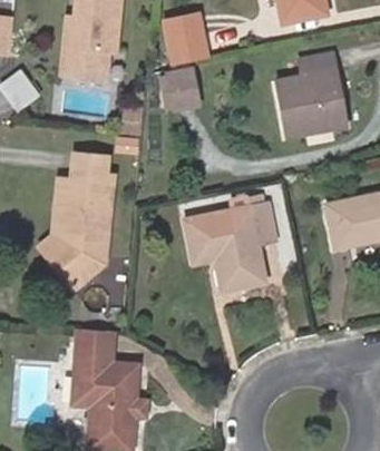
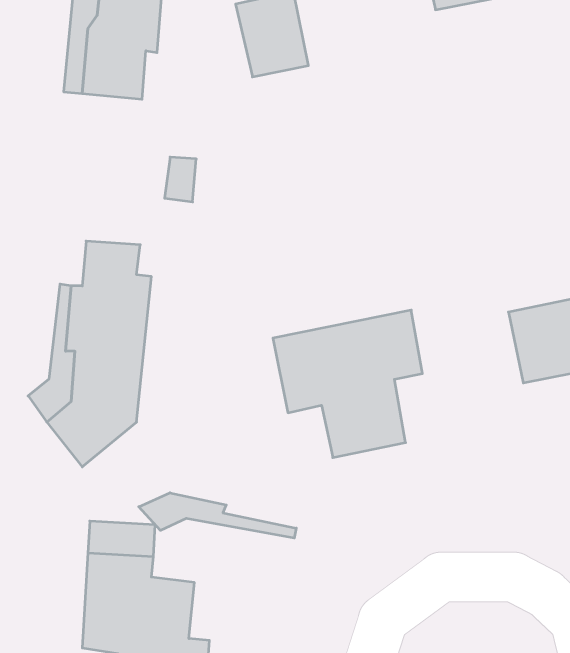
building: [279,55,347,137] -> none
building: [162,70,201,108] -> none
building: none -> [139,493,296,538]

